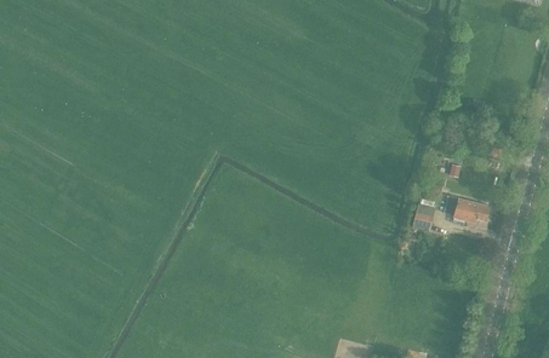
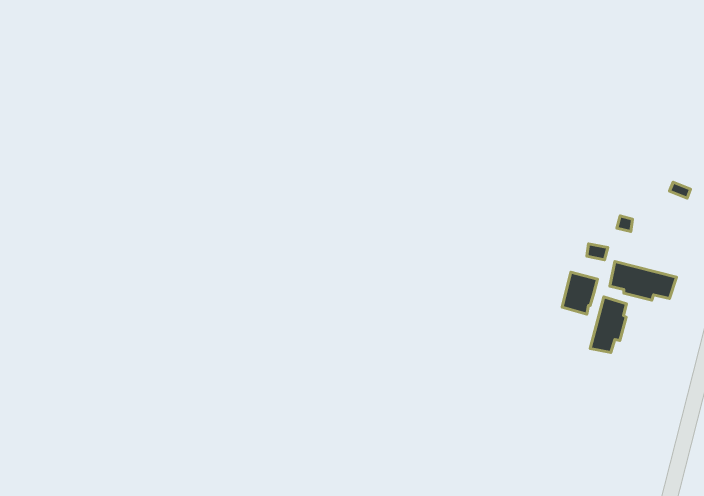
building: none -> [590,297,627,353]

